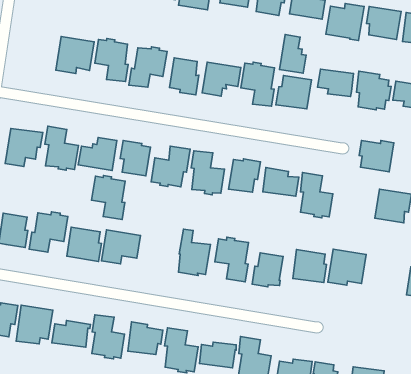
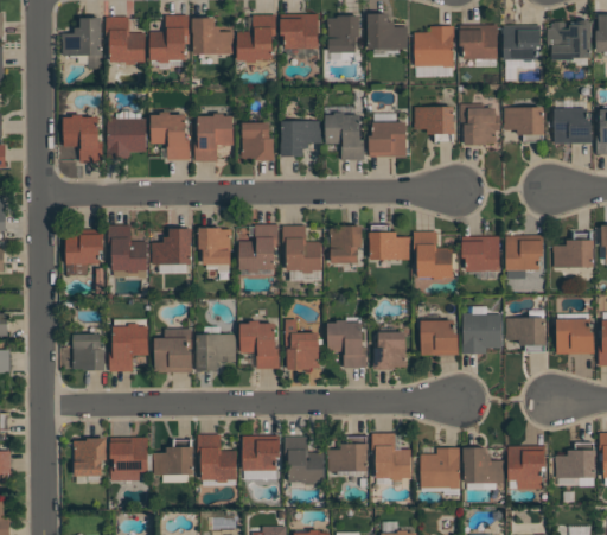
building: none -> [63,114,103,163]
building: [279,35,306,73] -> none
building: [359,141,394,172] -> [461,236,499,270]
building: [91,176,125,220] -> [239,320,279,368]
building: none -> [505,317,545,344]

